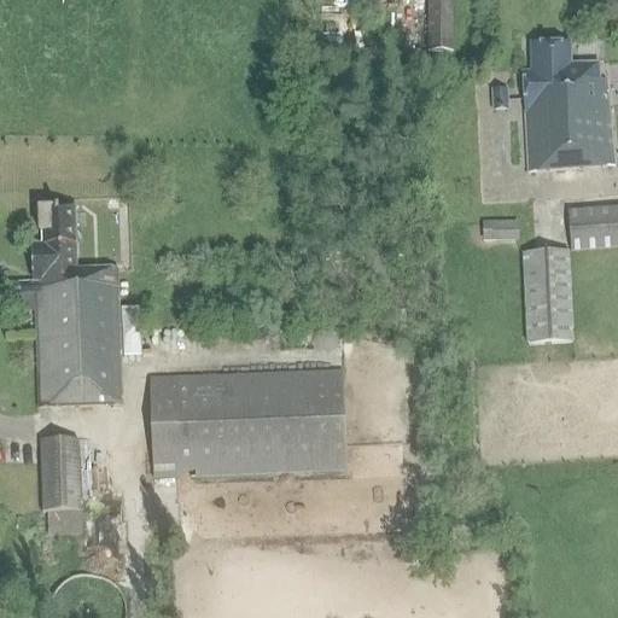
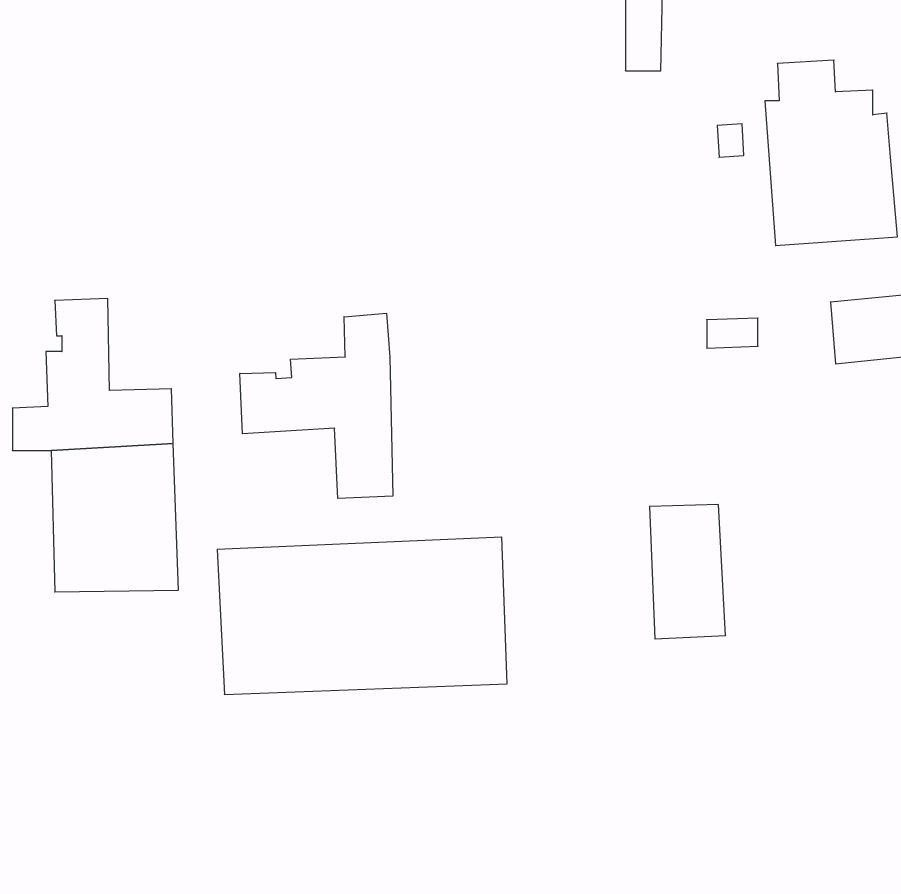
building: none -> [240,313,393,498]
building: [523,249,575,340] -> [650,505,726,639]
building: [41,436,83,532] -> none

